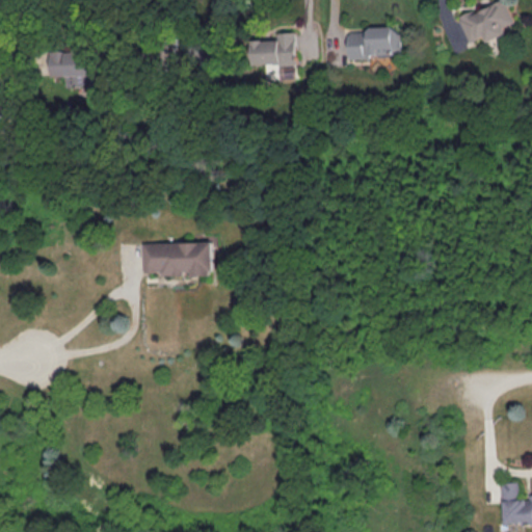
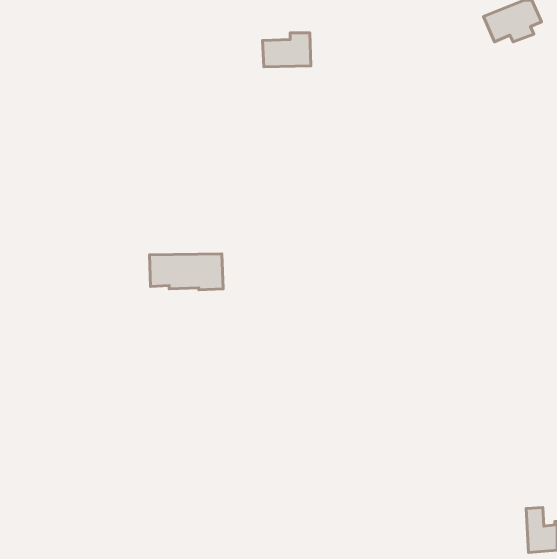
building: [345,27,399,57] -> none
building: [48,51,96,90] -> none

